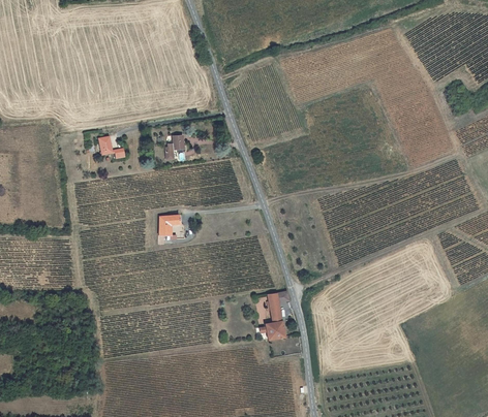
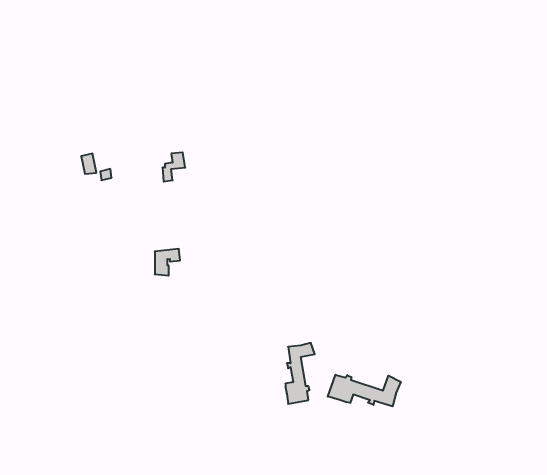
building: none -> [328,375,401,406]

